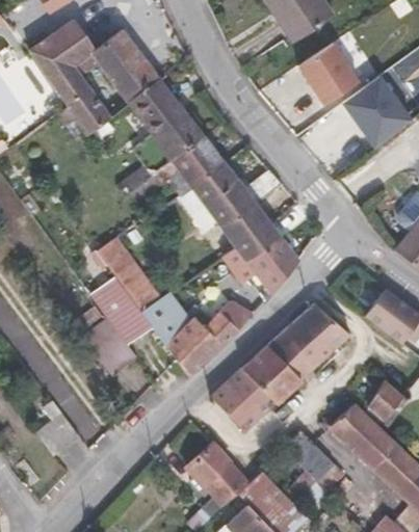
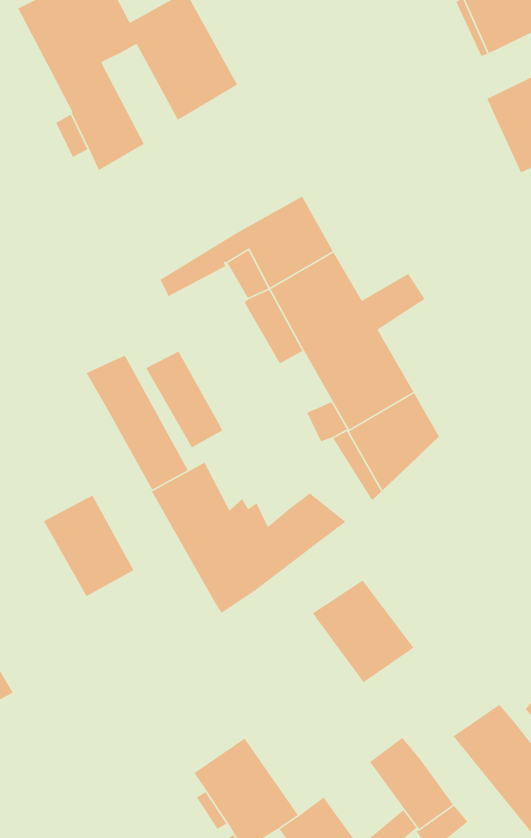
building: [123,77,204,192] -> none
building: [93,269,141,323] -> [145,350,224,448]
building: [267,303,351,379] -> none
building: [212,368,274,430] -> none

